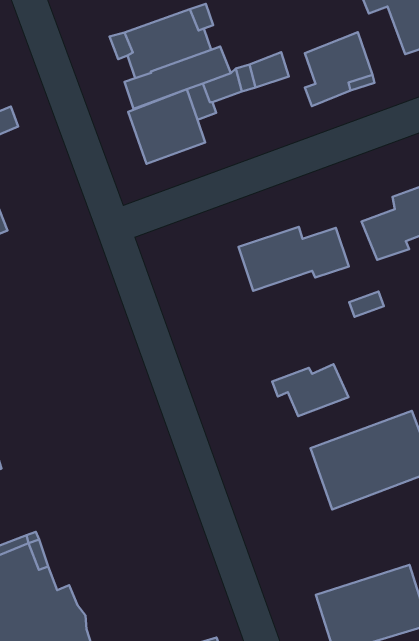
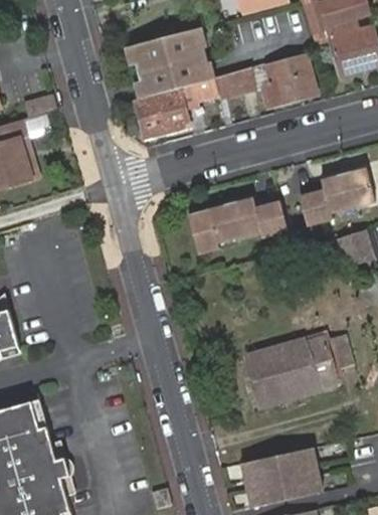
building: none -> [186,206,216,249]
building: [272,364,348,416] -> none

